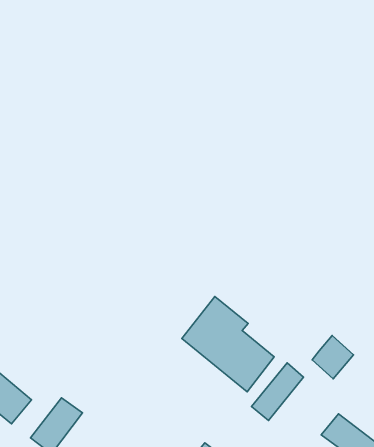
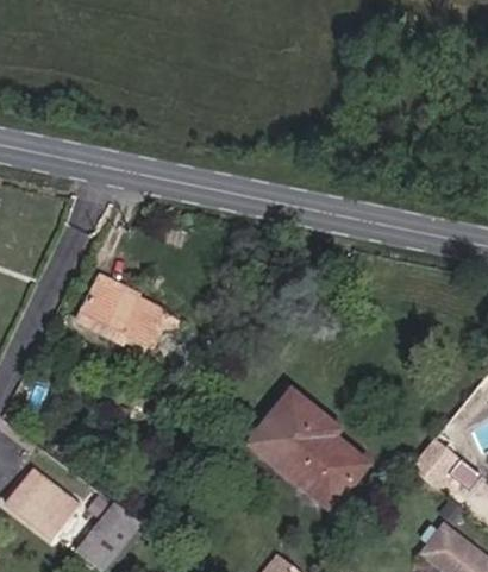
building: none -> [87,277,177,345]
building: [251,363,303,421] -> none

